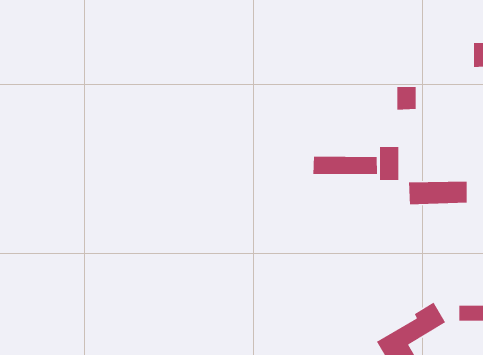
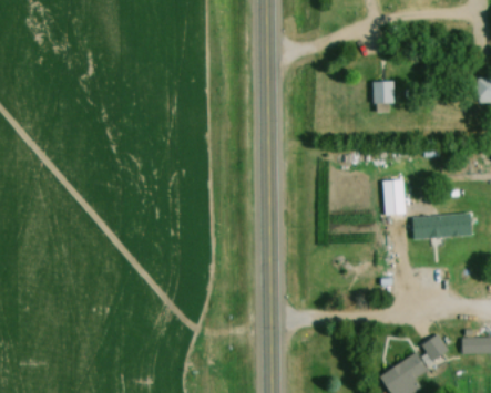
building: [396,86,417,111] -> [374,80,393,104]
building: [312,156,378,175] -> none

